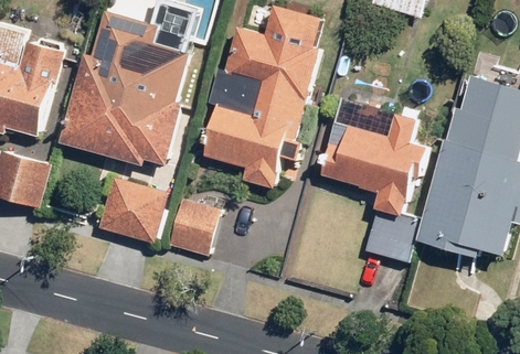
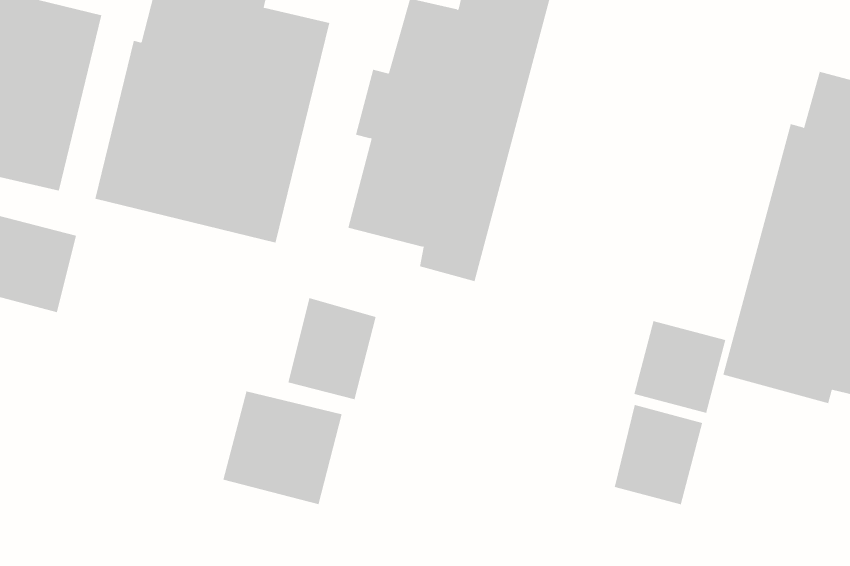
building: [319,100,427,215] -> none
building: [98,176,167,242] -> [223,391,342,505]
building: none -> [614,404,703,505]

